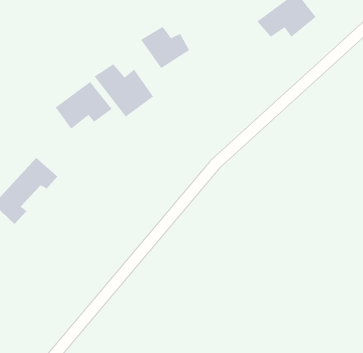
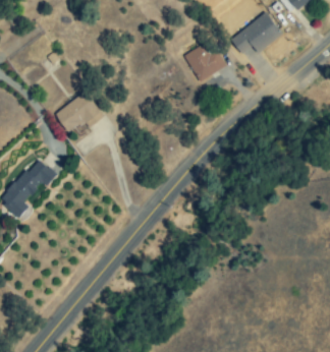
building: [140,26,190,69] -> [184,43,228,80]
building: [94,63,154,118] -> none

